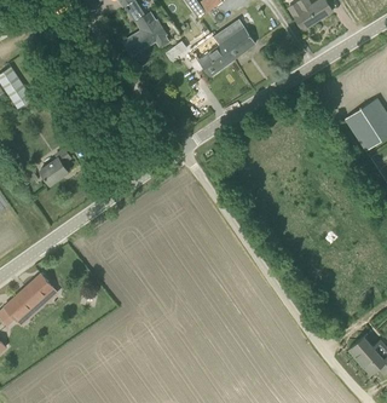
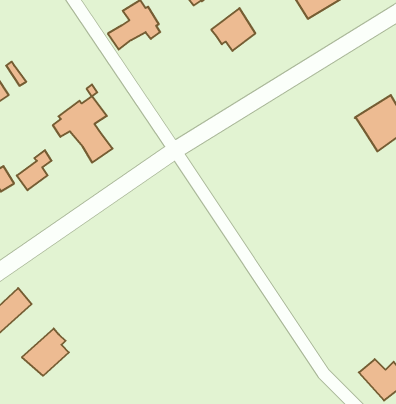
building: [194,44,235,76] -> none
building: none -> [53,96,113,163]
building: none -> [22,328,69,376]

